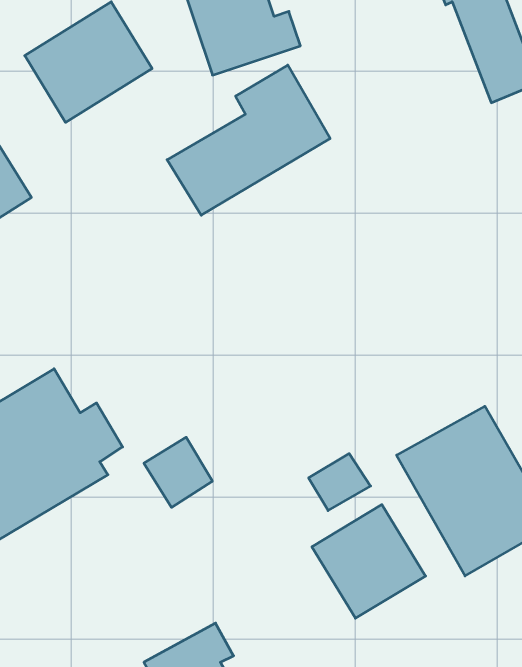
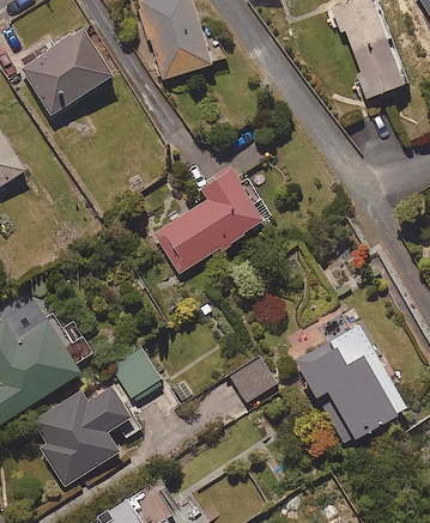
building: [167,65,330,215] -> [150,164,269,274]
building: none -> [24,387,139,487]
building: [312,505,426,618] -> none

